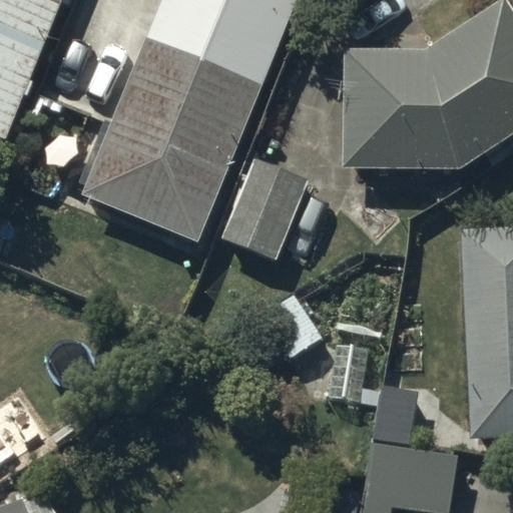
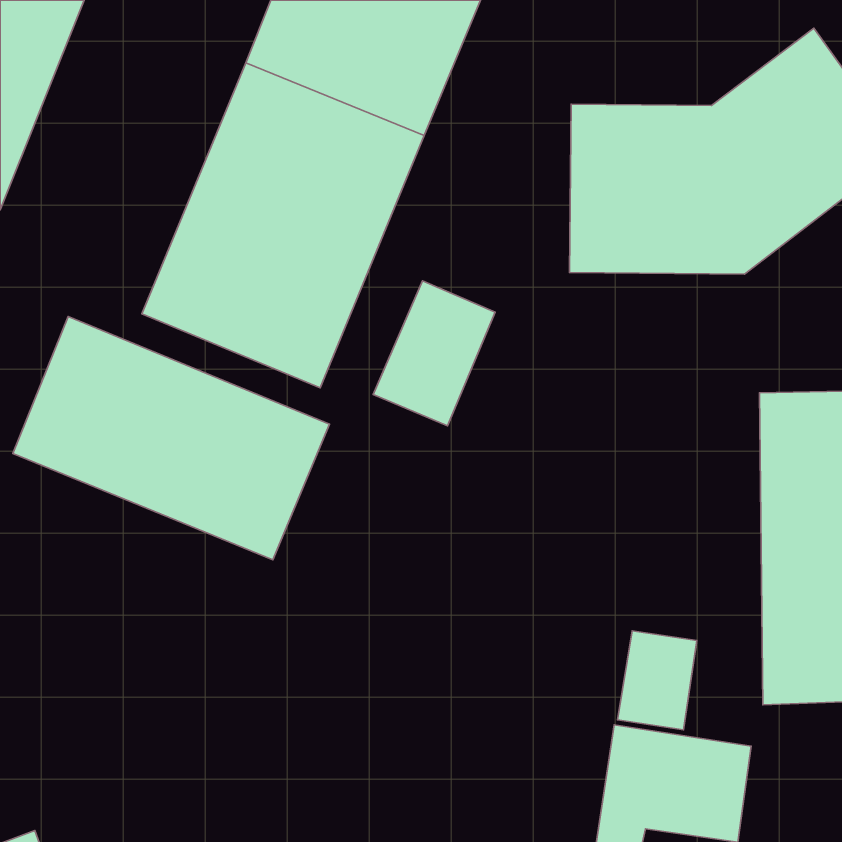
building: none -> [13,317,330,560]

